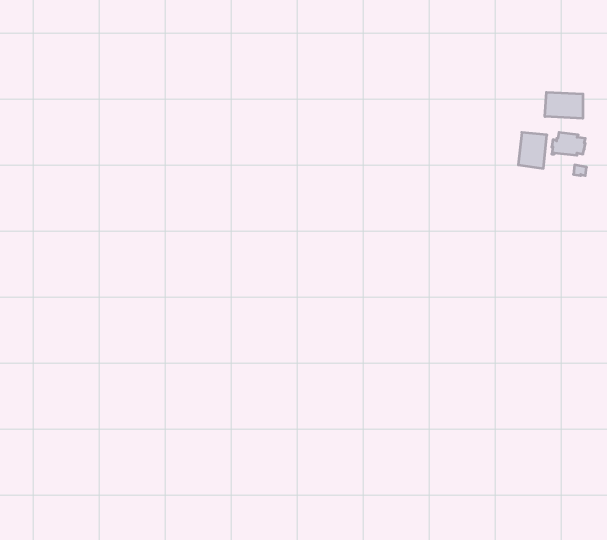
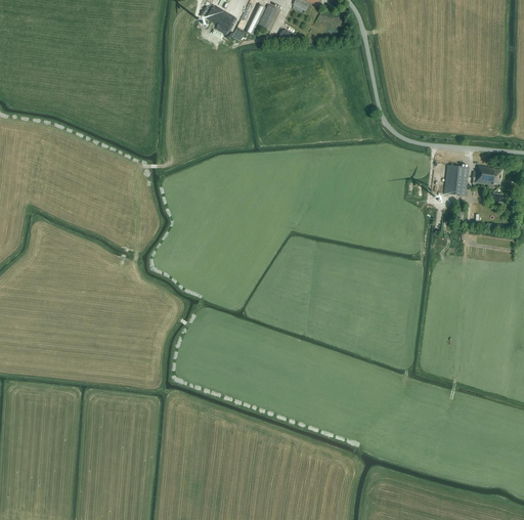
building: [545,92,583,118] -> none

